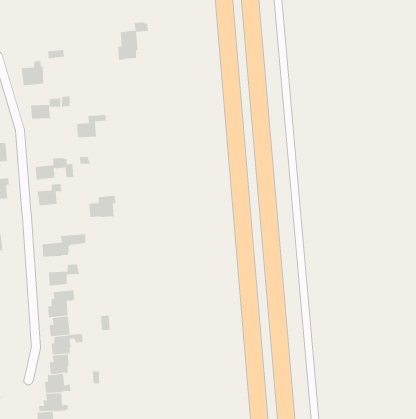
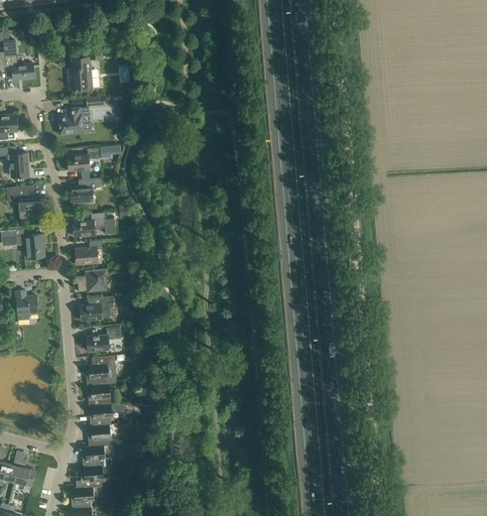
building: [117,22,149,61] -> [69,47,103,90]
building: [76,114,107,138] -> [70,177,103,203]
building: [88,195,116,218] -> [78,267,108,291]

